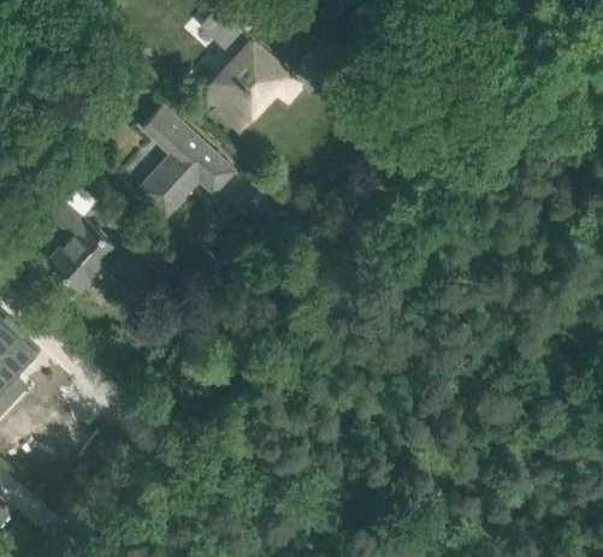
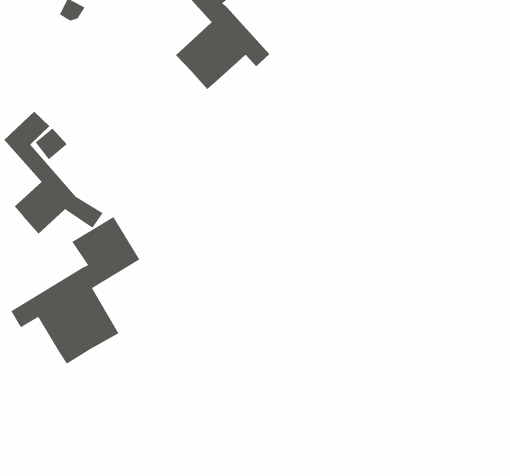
building: [135,105,233,218] -> none
building: none -> [10,216,140,364]

